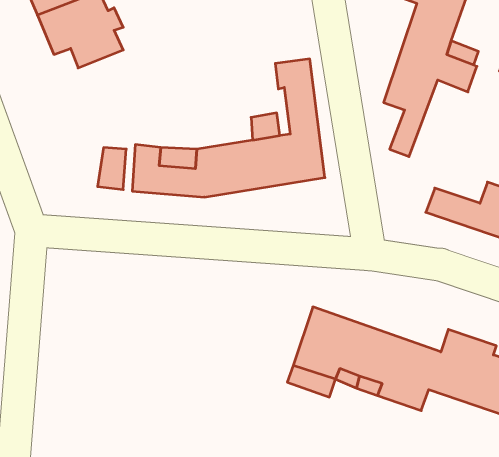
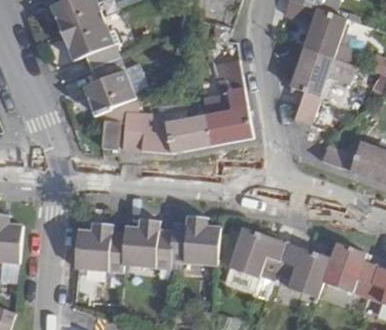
building: none -> [82,56,134,114]
building: none -> [75,215,220,269]

